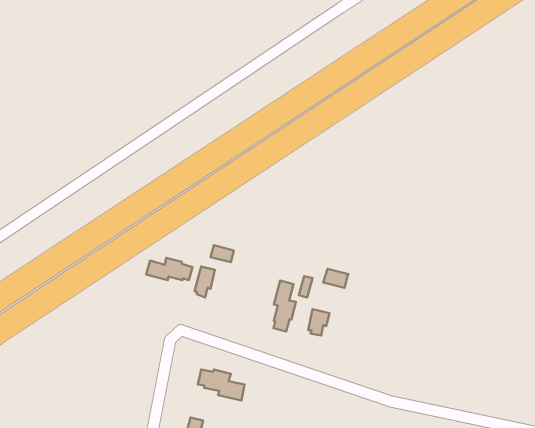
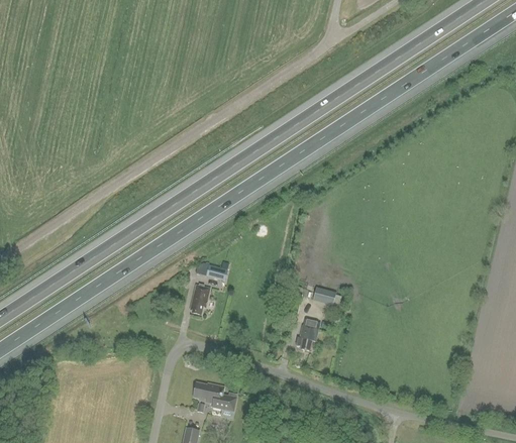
building: [146,258,192,280] -> none
building: [273,280,296,331] -> none

